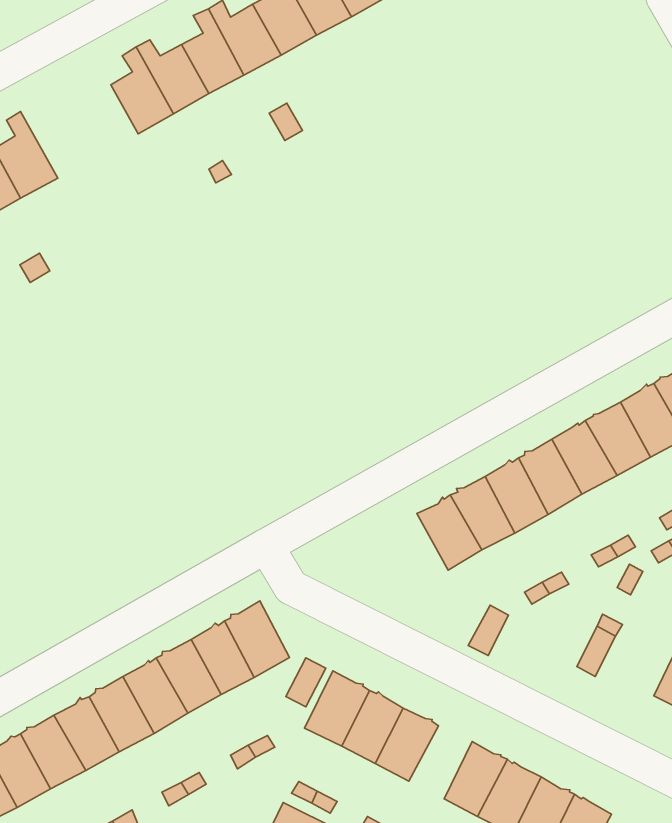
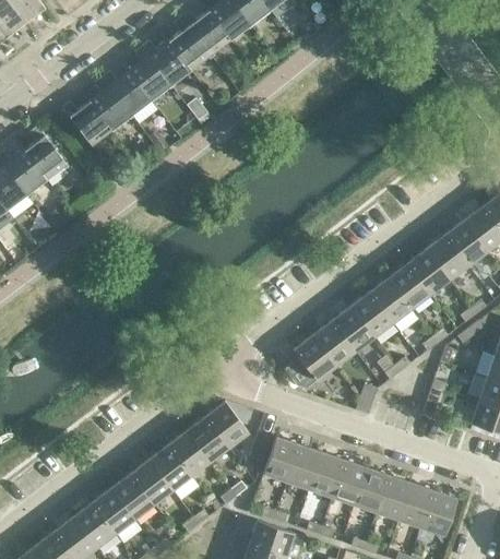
building: none -> [63,100,111,144]
building: none -> [286,334,337,389]
building: none -> [332,461,367,504]

